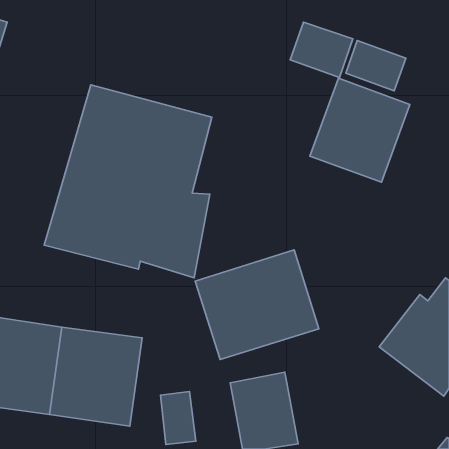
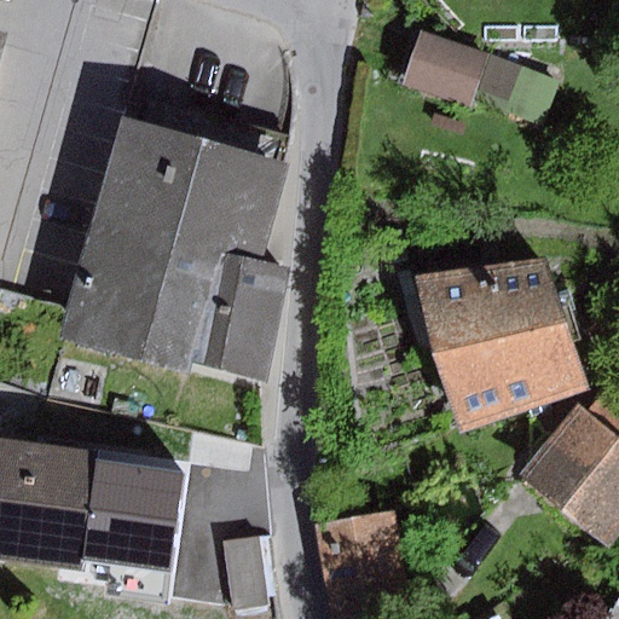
building: [310,78,410,182] -> none
building: none -> [410,259,588,429]
building: [195,250,319,359] -> none

